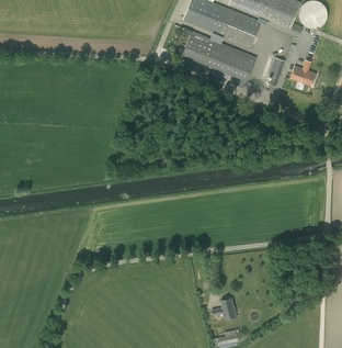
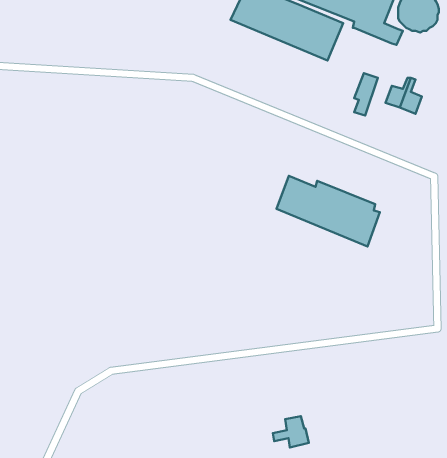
building: [183,32,255,81] -> [276,176,380,246]

